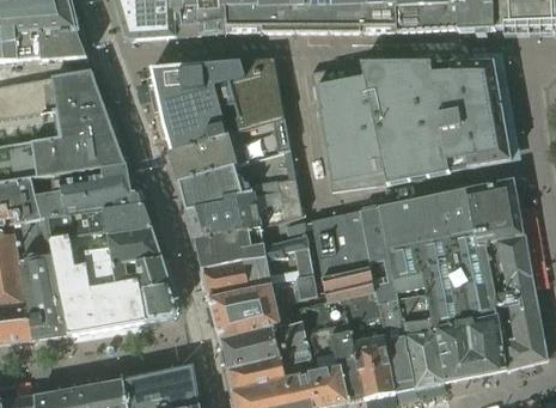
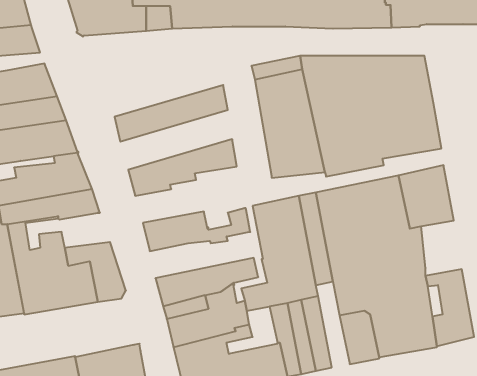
building: [153,56,281,124] -> none
building: [172,117,291,181] -> none
building: [188,177,303,237] -> none
building: [109,226,161,263] -> none
building: [490,235,533,293] -> none
building: [203,246,313,296] -> none
building: [379,299,415,390] -> none

